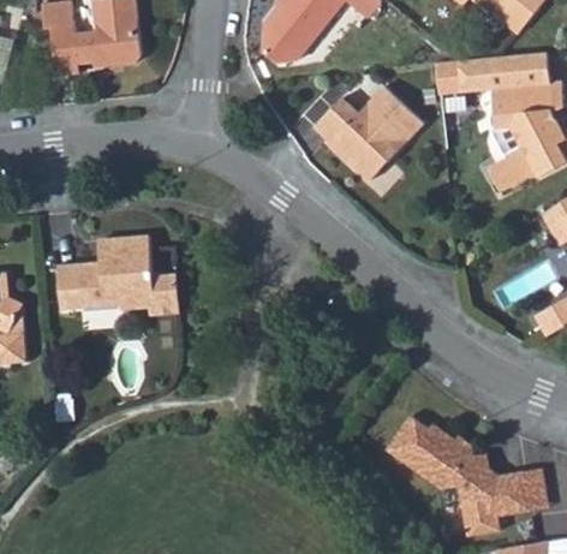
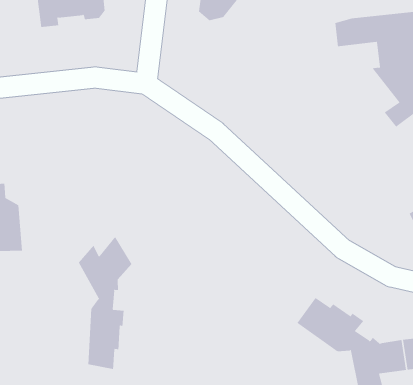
building: [311,84,420,179] -> none
building: [60,232,180,310] -> none
building: none -> [78,236,132,370]

